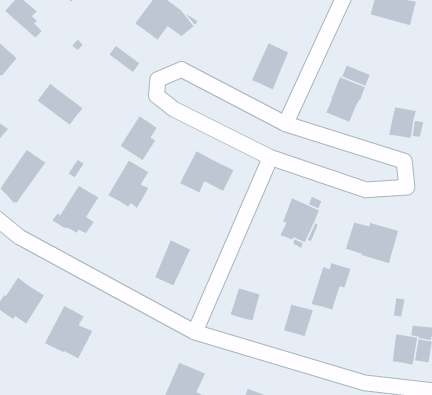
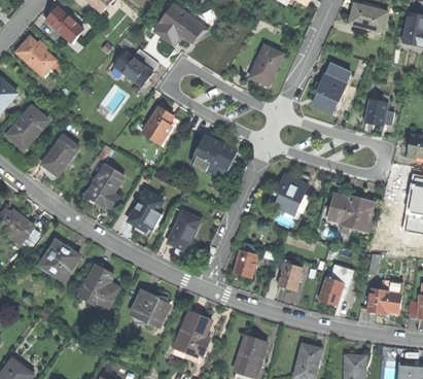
building: [37,82,84,126] -> [114,51,153,88]
building: [107,159,149,209] -> [128,192,163,233]
building: [311,262,351,311] -> [318,266,352,306]
building: none -> [129,288,168,325]

